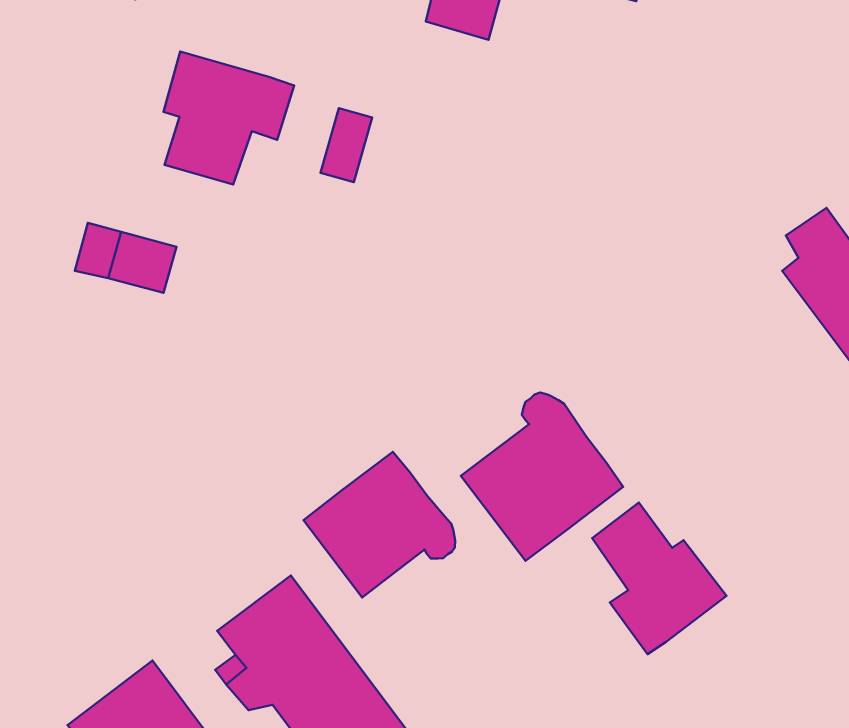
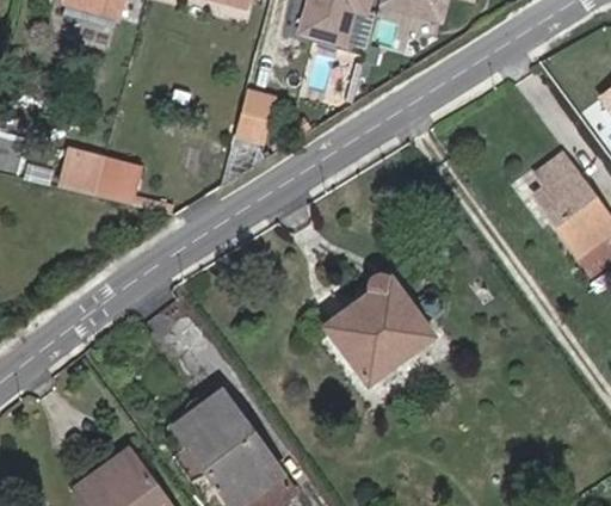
building: [164,52,294,184] -> none
building: [303,452,455,597] -> none
building: [592,503,727,654] -> none

